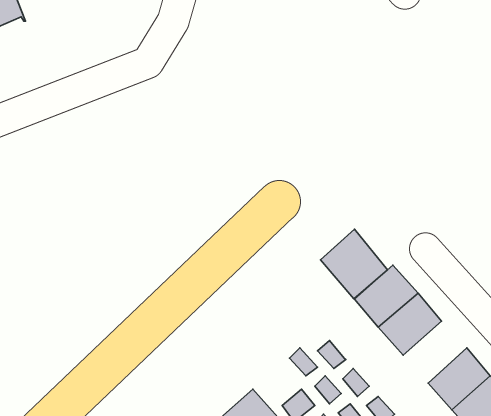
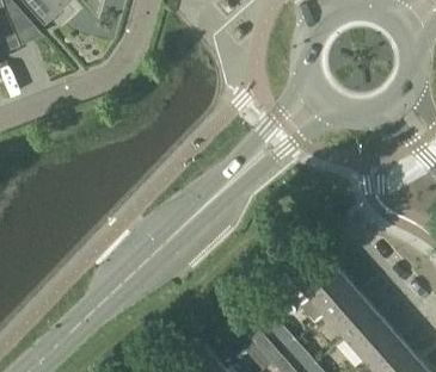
building: [320,229,387,299] -> none
building: none -> [327,292,379,342]

